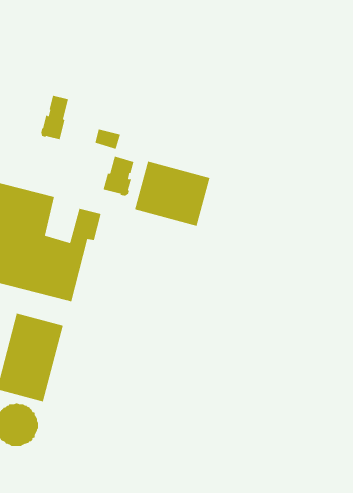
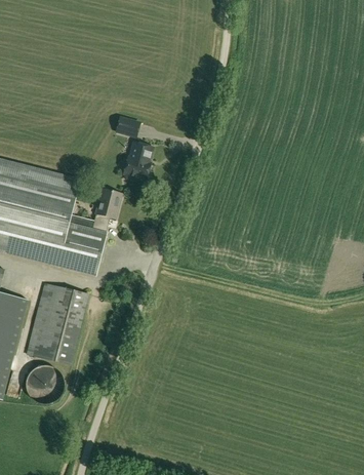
building: [40,95,69,140] -> none
building: [134,161,211,227] -> none

